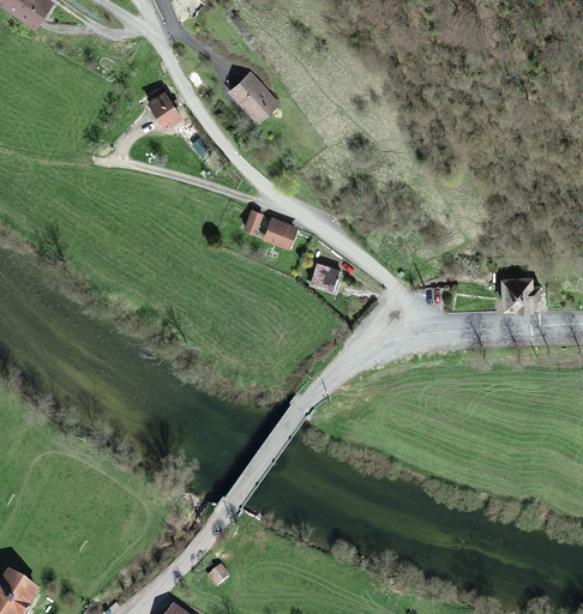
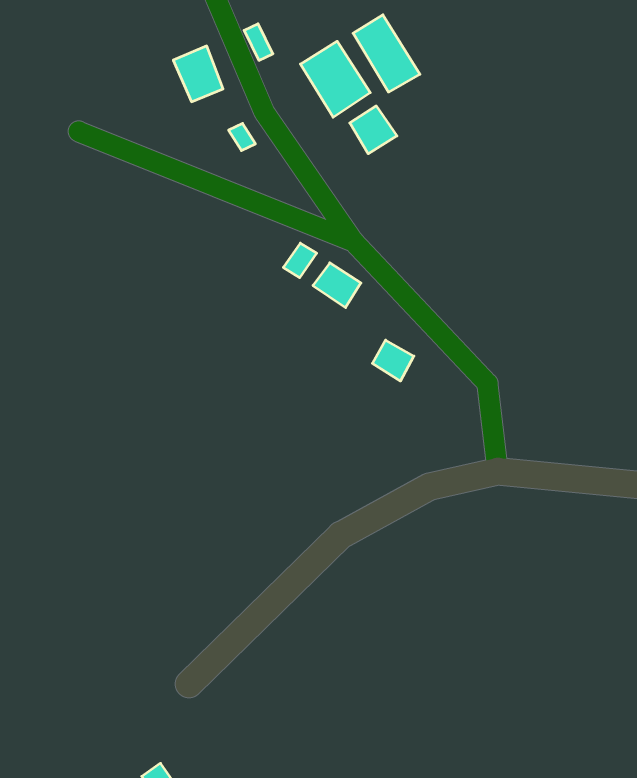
building: none -> [353,15,420,92]
building: none -> [350,106,397,154]

